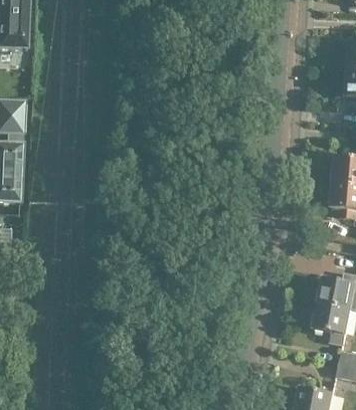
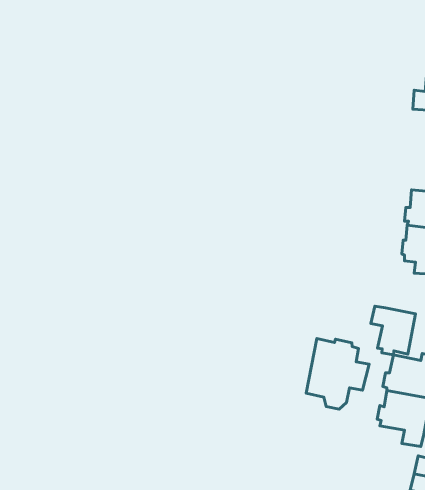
building: none -> [371,306,416,355]
building: none -> [306,339,369,409]

